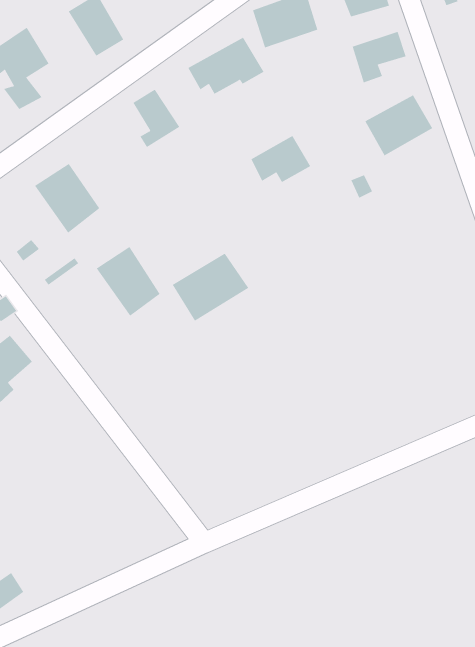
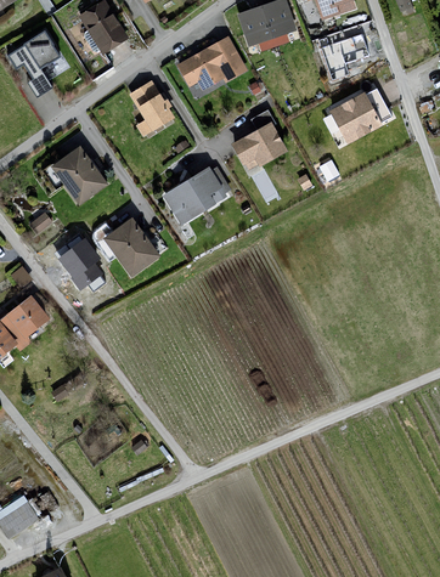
building: [172,253,249,322] -> [160,168,227,227]
building: none -> [62,238,103,285]

